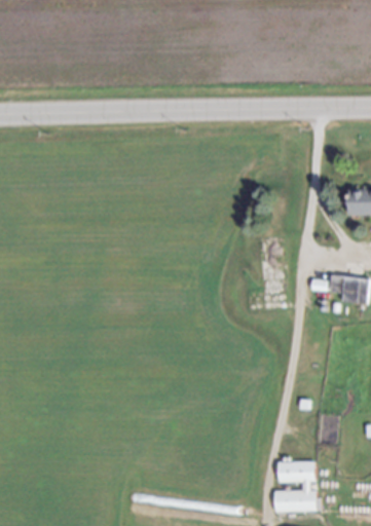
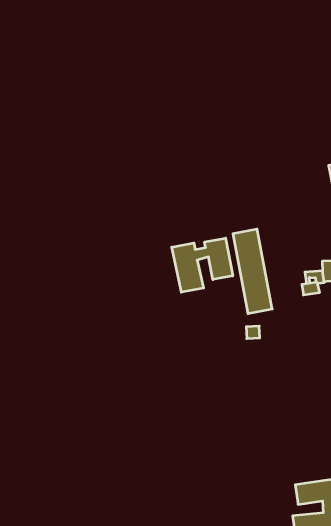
building: none -> [172,238,233,292]

